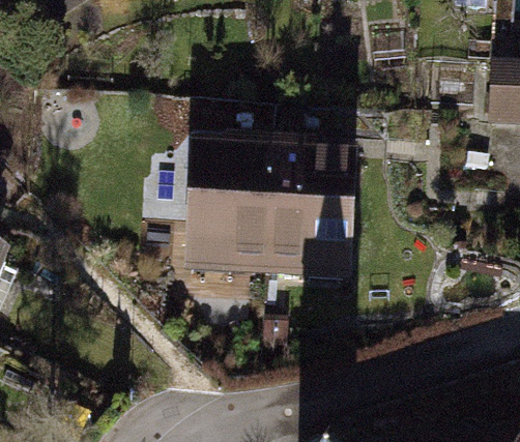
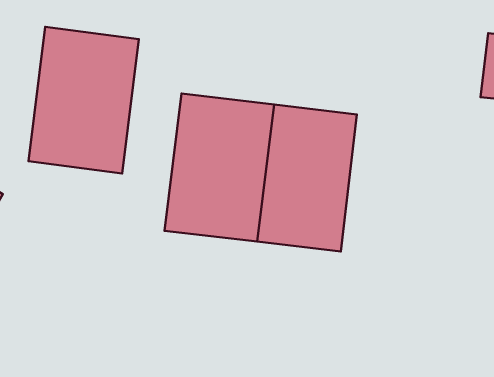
building: none -> [28,27,139,174]

